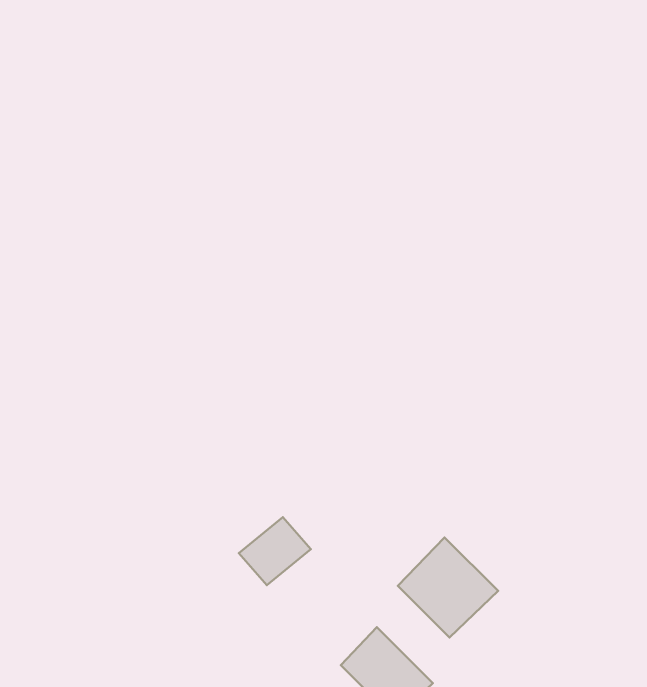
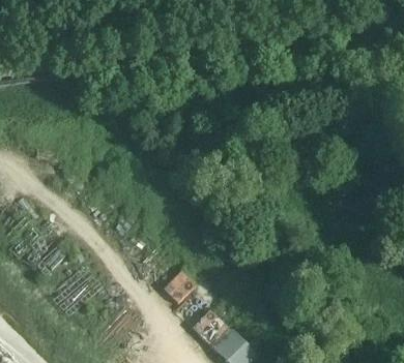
building: [398,537,498,638] -> none

